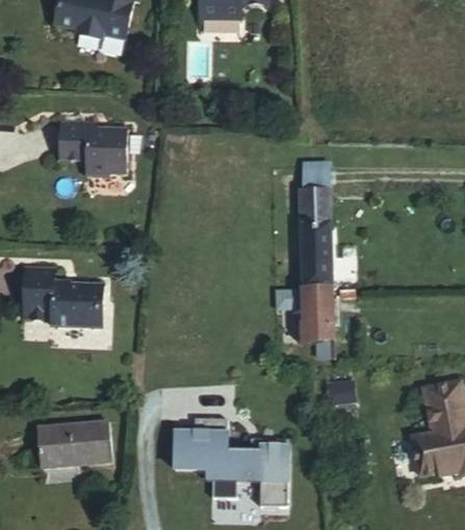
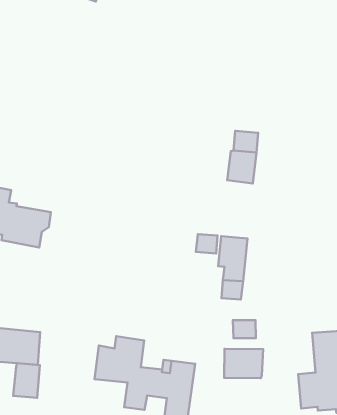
building: [58,119,126,175] -> none
building: [300,224,332,289] -> none
building: none -> [224,349,263,378]
building: none -> [13,363,40,398]

